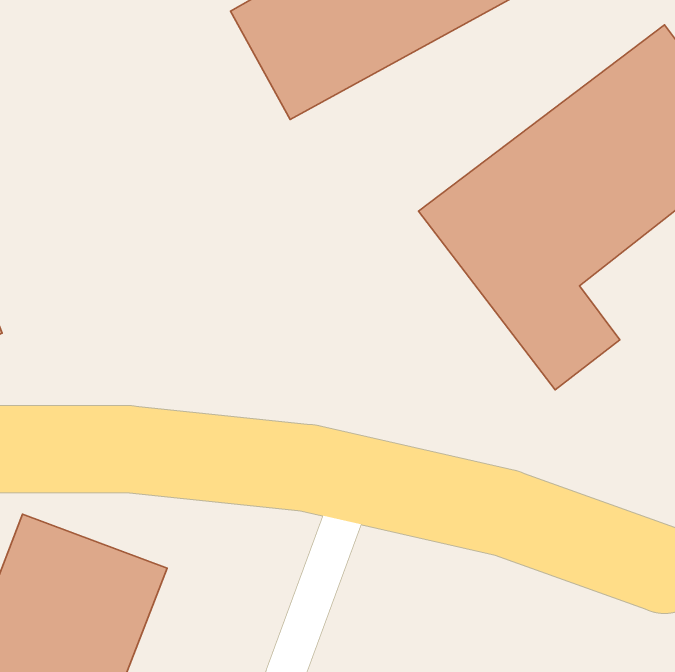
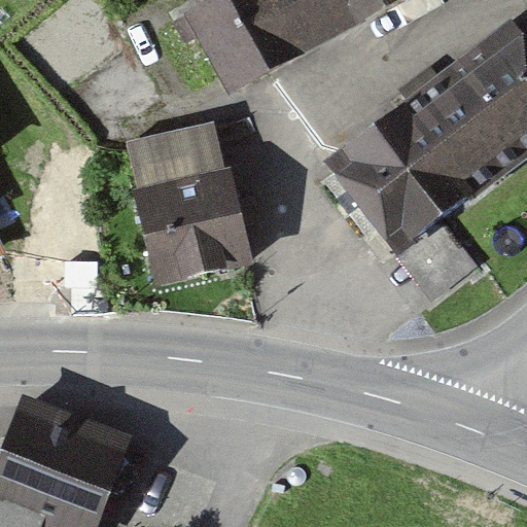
building: none -> [127,119,255,289]

